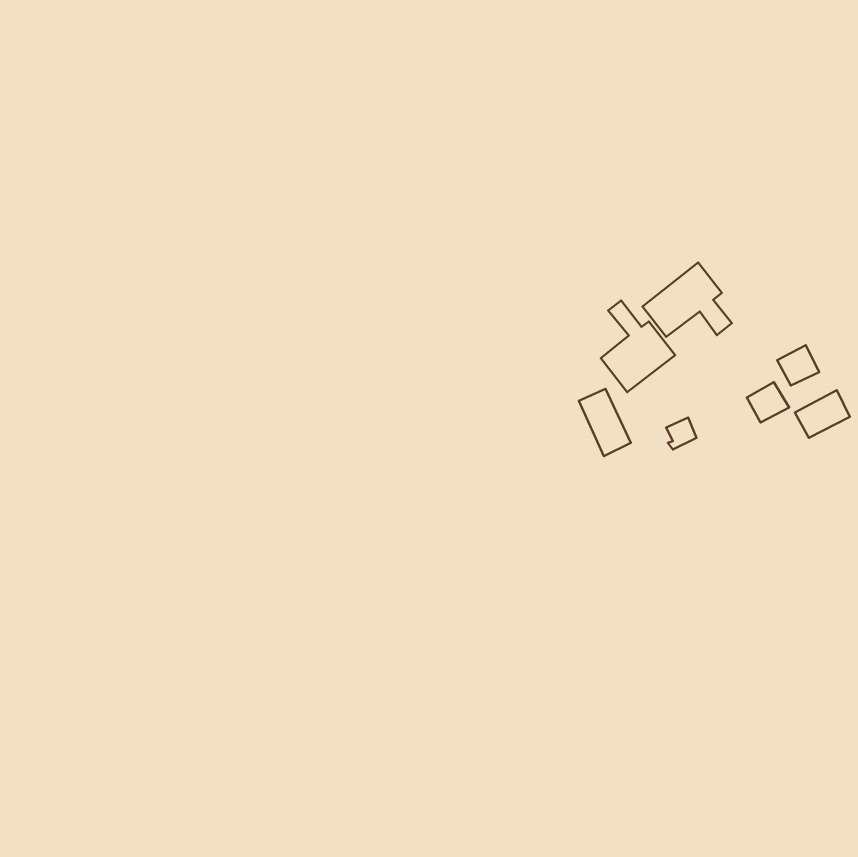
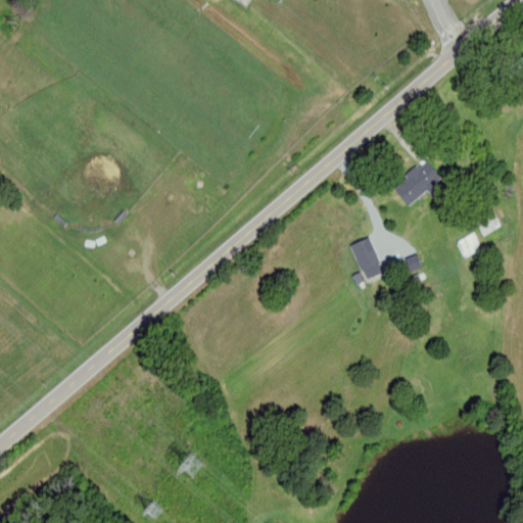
building: [601,300,675,392] -> none
building: [795,390,850,438] -> none

